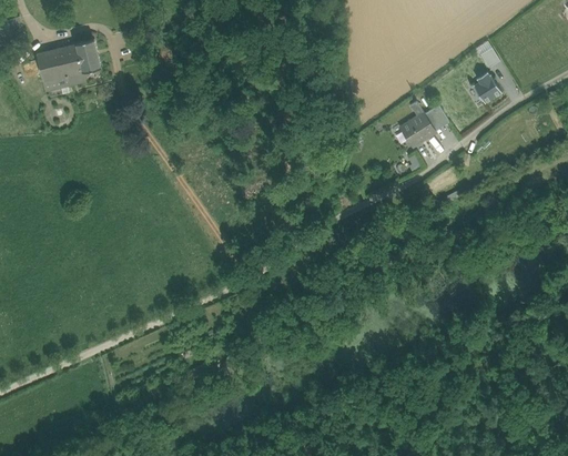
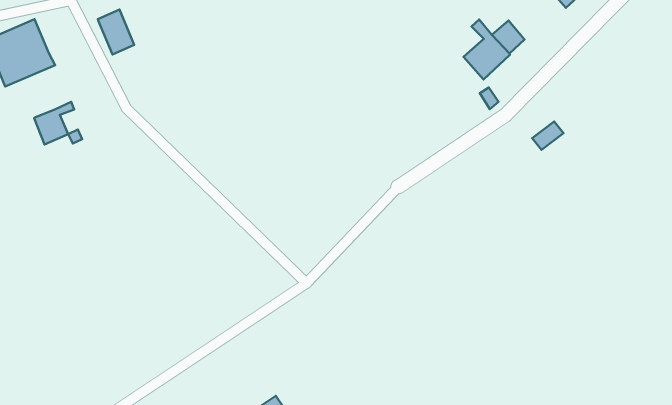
building: [75,39,100,72] -> [98,10,134,54]
building: none -> [34,102,74,145]

